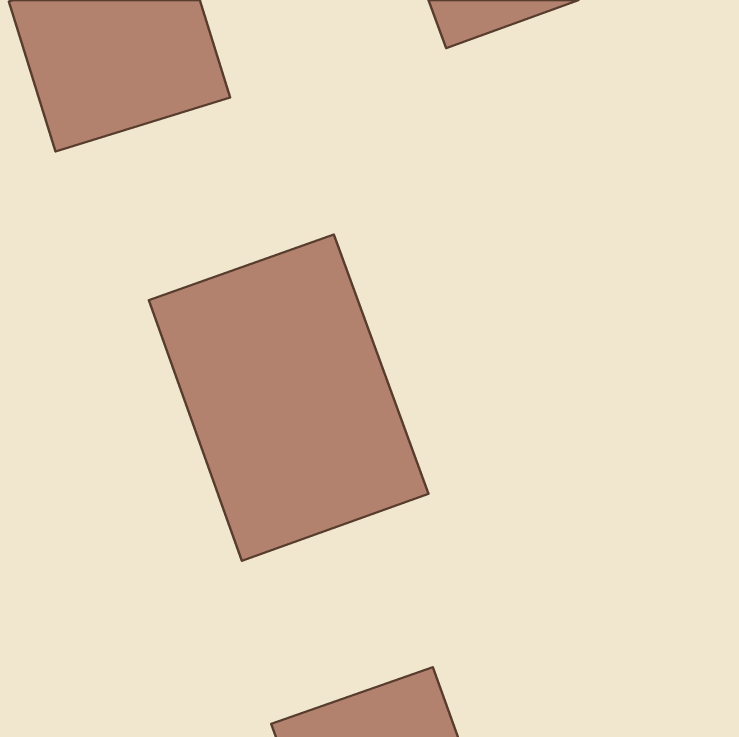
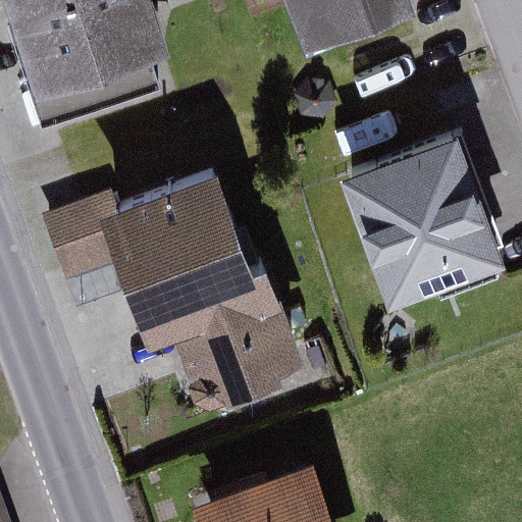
building: none -> [338,137,504,311]
building: none -> [40,185,115,266]

